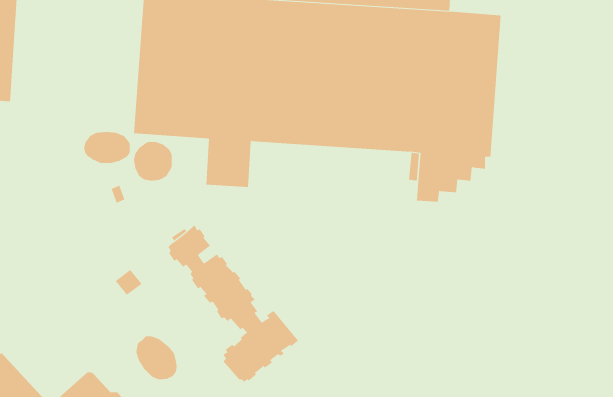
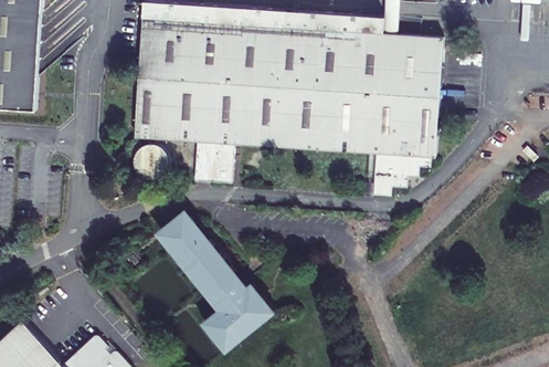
building: [84,131,130,164] -> none
building: [136,336,177,380] -> none

